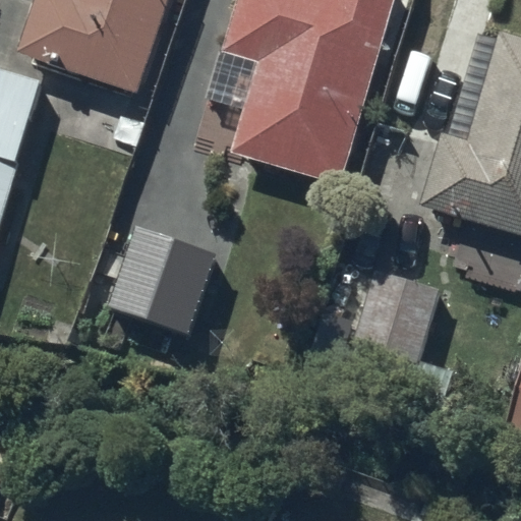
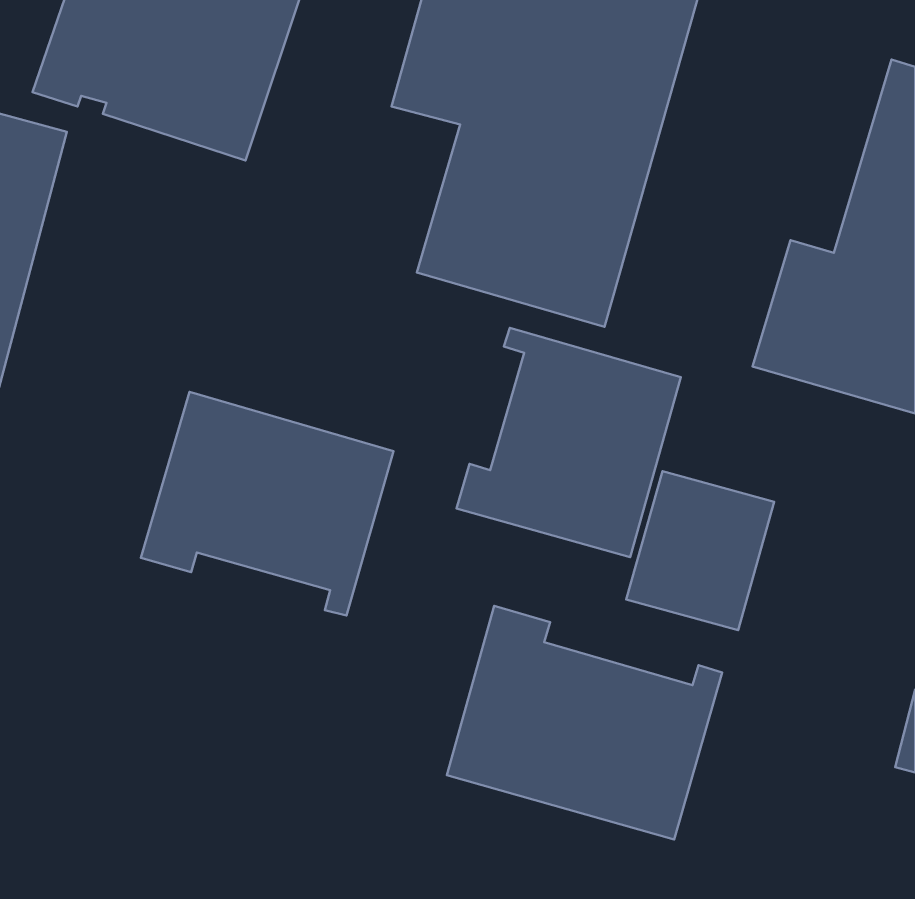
building: none -> [457,328,681,557]
building: none -> [447,606,722,839]

